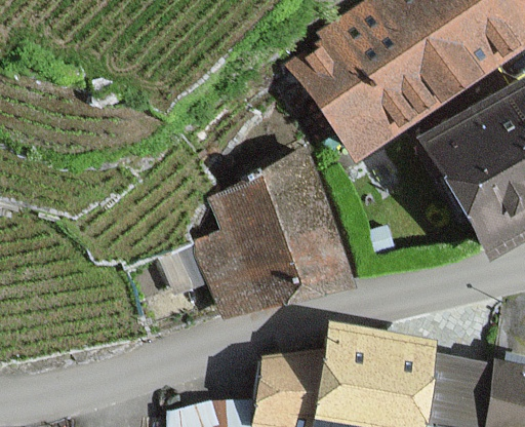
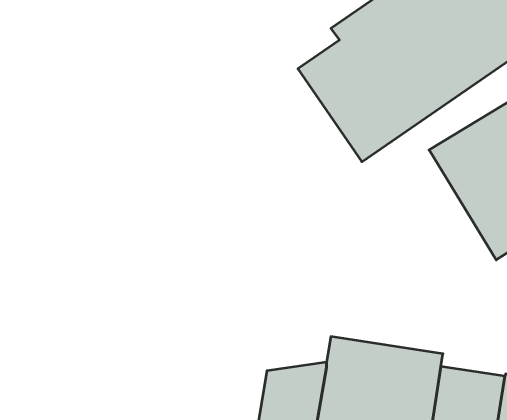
building: [201,159,347,316] -> none

